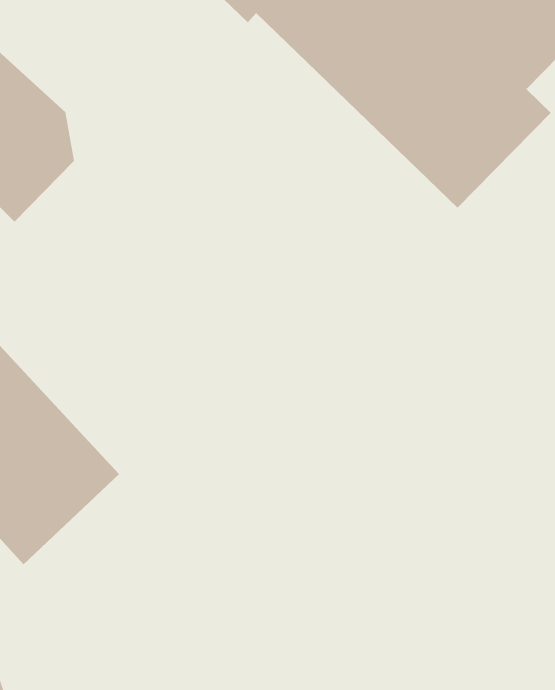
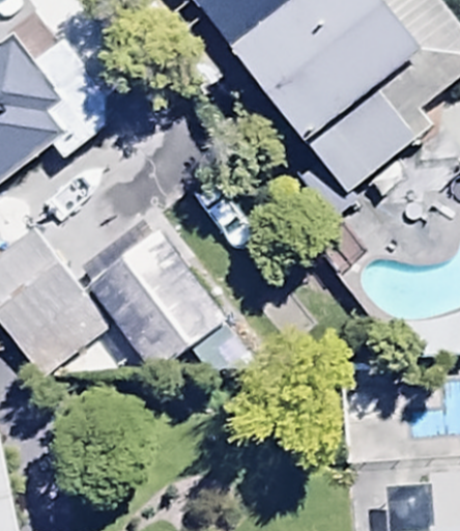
building: none -> [86,227,255,373]

